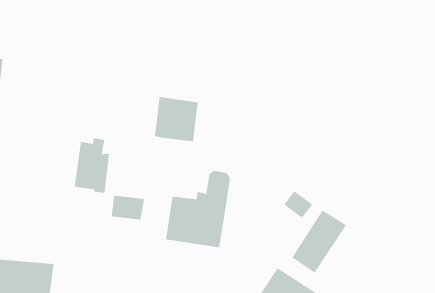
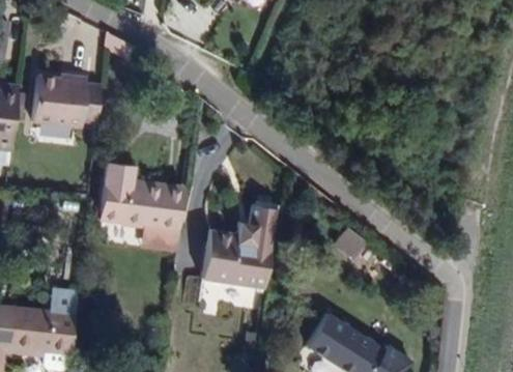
building: none -> [33,67,103,120]
building: [154,96,198,142] -> [134,185,183,236]
building: [291,210,347,273] -> none

